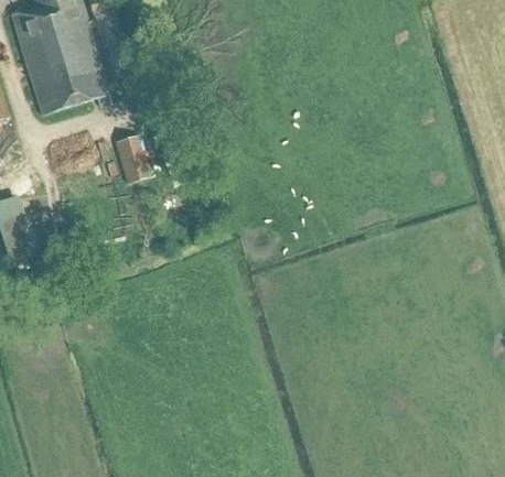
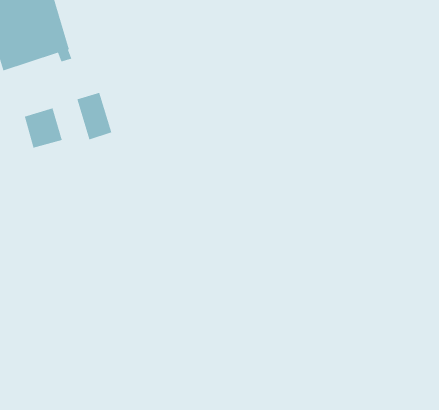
building: none -> [24,108,63,149]

